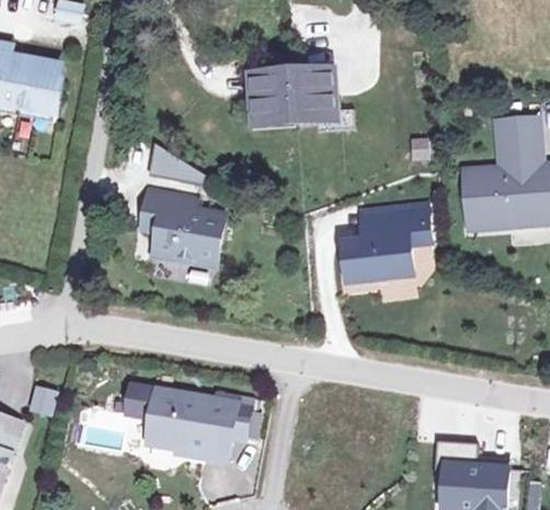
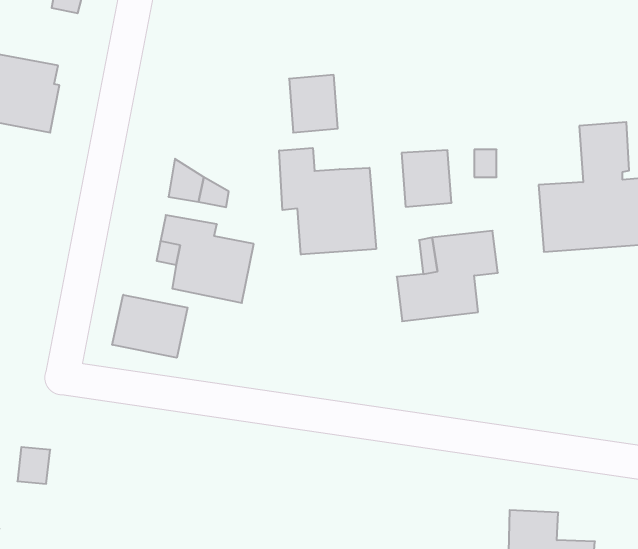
building: [291,72,333,120] -> [402,150,452,207]
building: none -> [279,148,376,255]
building: none -> [112,295,188,358]
building: [128,385,252,460] -> none

